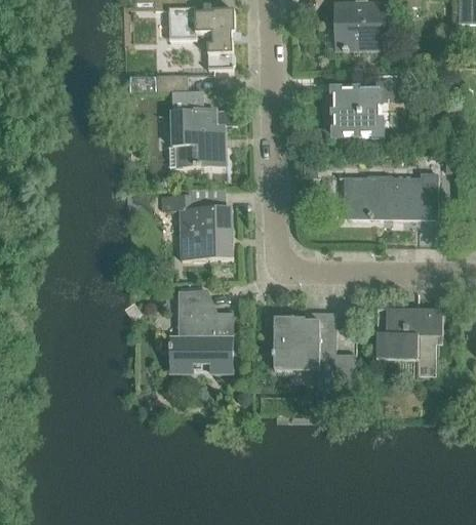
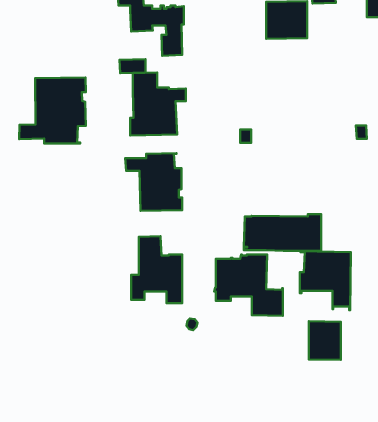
building: [333,74,405,135] -> none
building: none -> [19,78,86,143]
building: [343,173,437,218] -> [244,214,321,251]
building: none -> [309,321,341,360]

